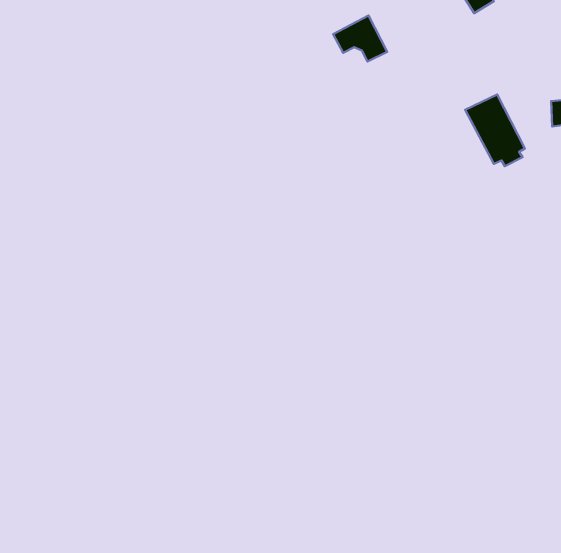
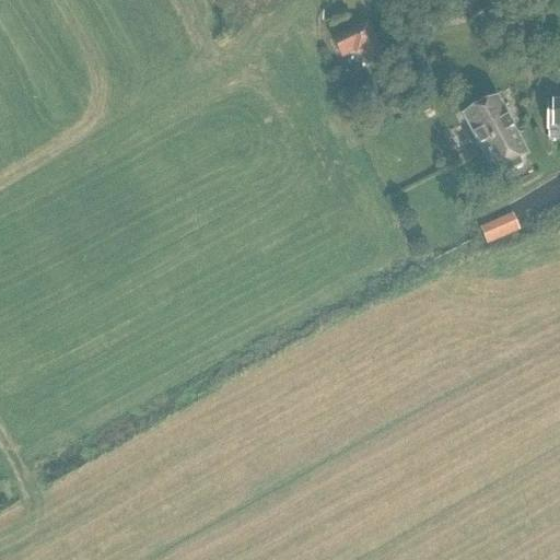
building: none -> [480,208,521,240]

